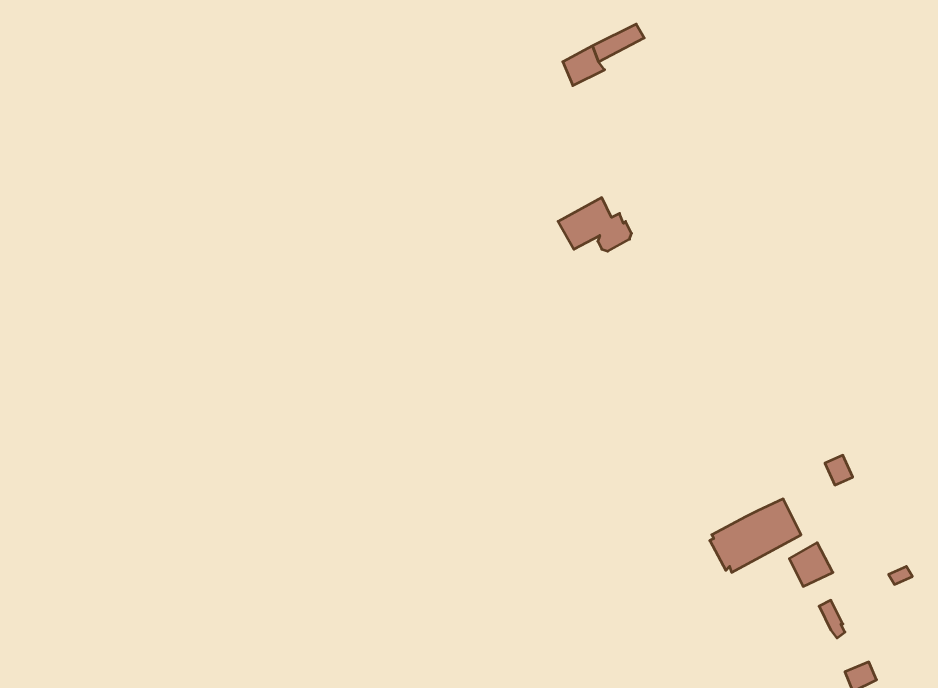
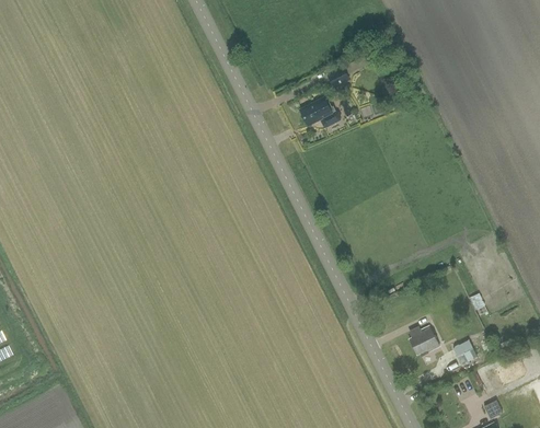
building: [558,198,632,251] -> [298,97,338,127]

